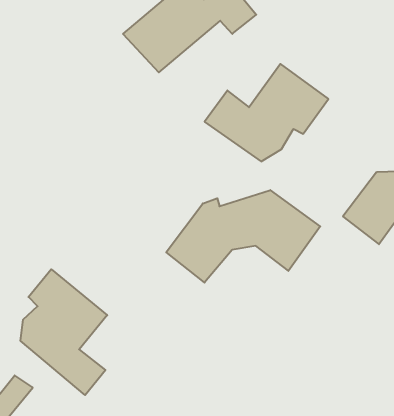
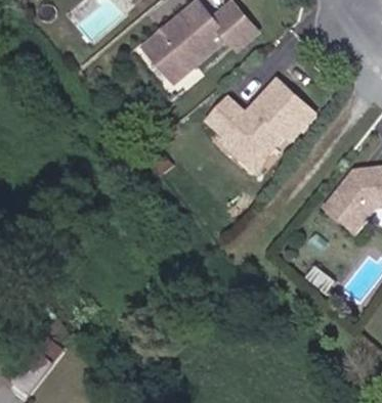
building: [166,190,320,283] -> none
building: [21,269,107,395] -> none

